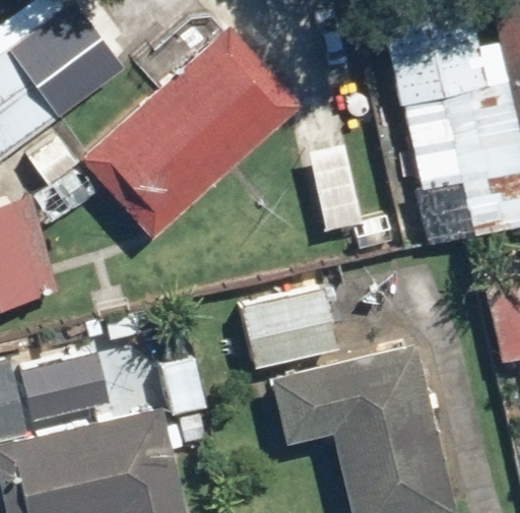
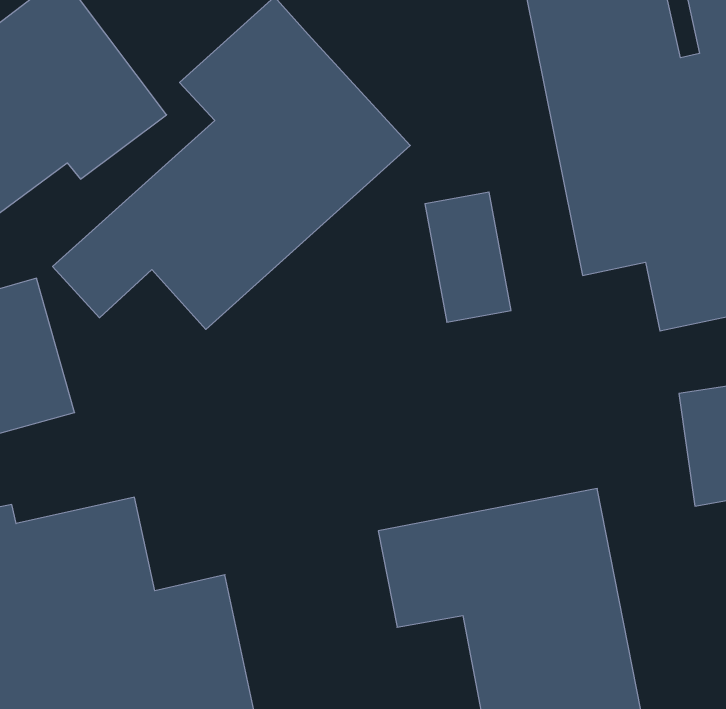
building: [241,290,341,371] -> none

